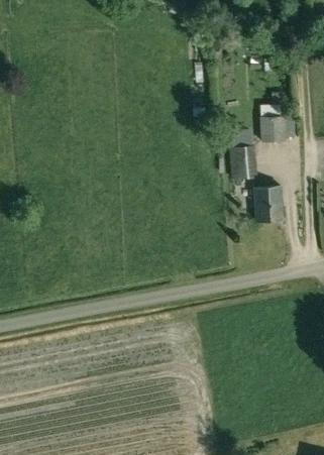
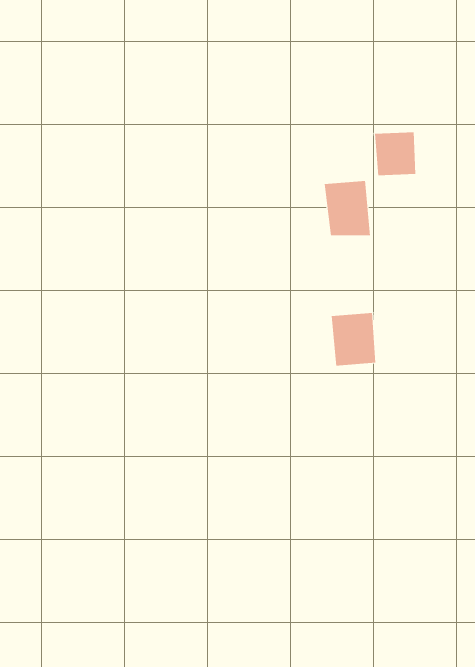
building: [254,187,283,220] -> [331,313,376,366]

